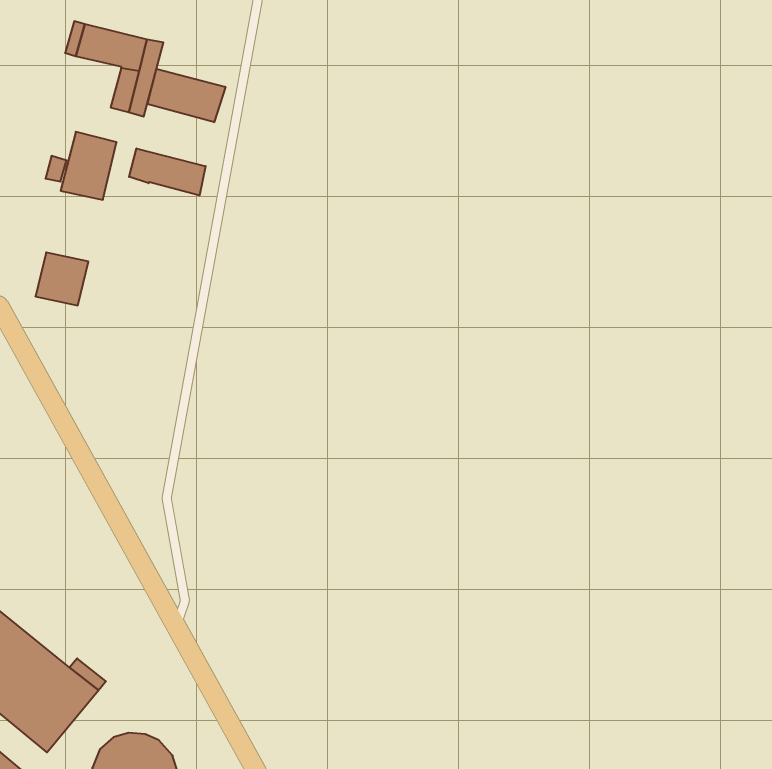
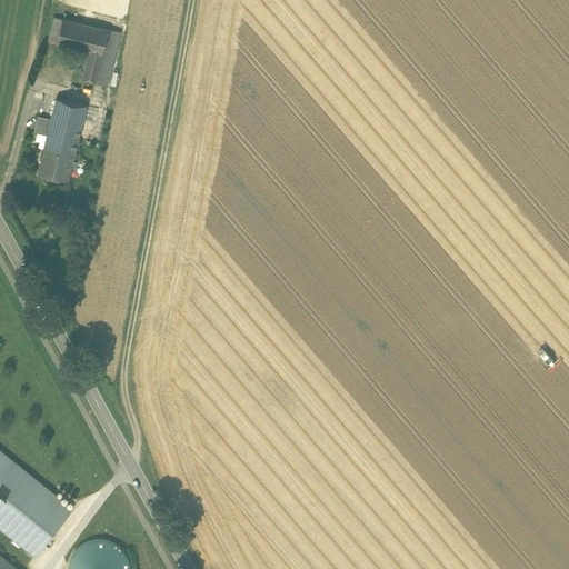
building: [147,69,225,122] -> none
building: [129,148,206,195] -> none
building: [35,252,88,305] -> [37,143,76,182]

